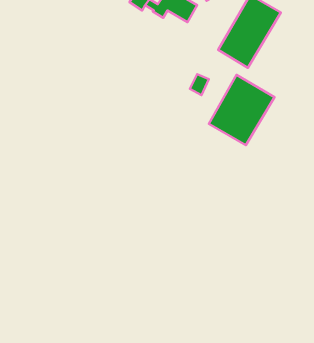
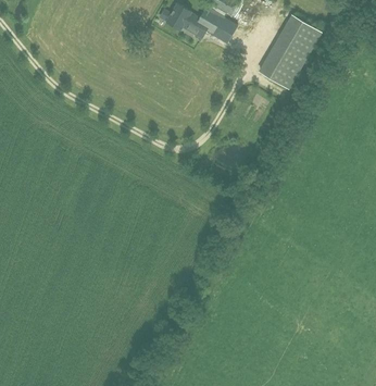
building: [209,75,275,145] -> none

